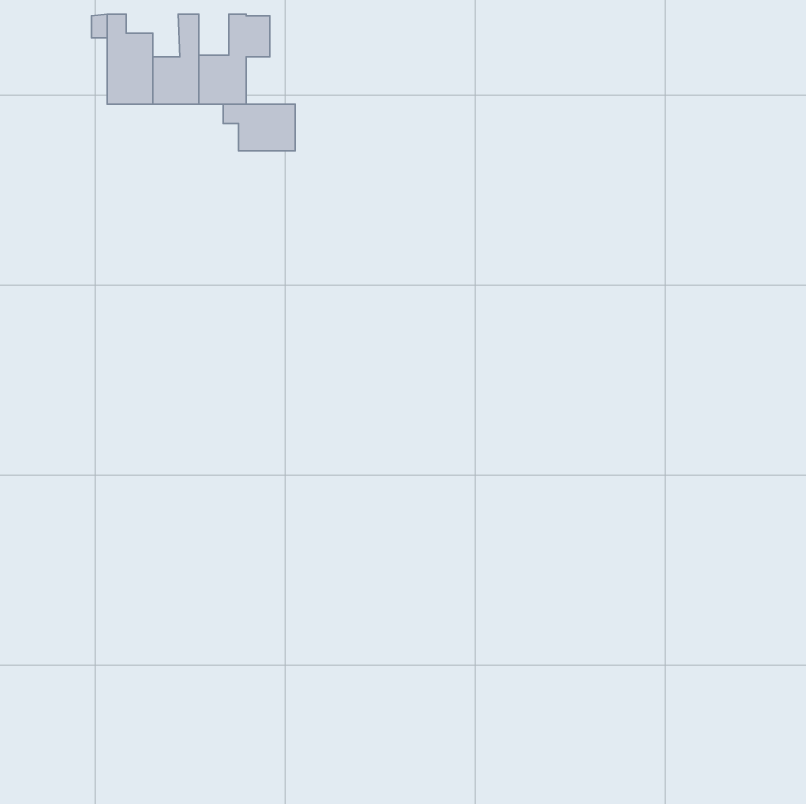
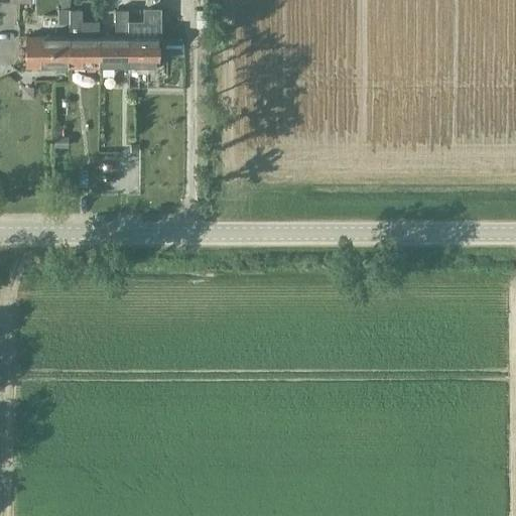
building: none -> [25,37,69,69]
building: [223,104,295,151] -> none

